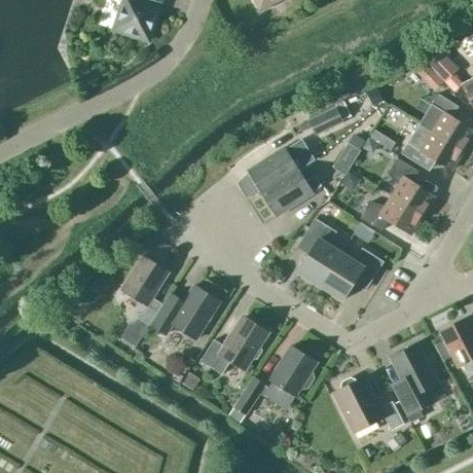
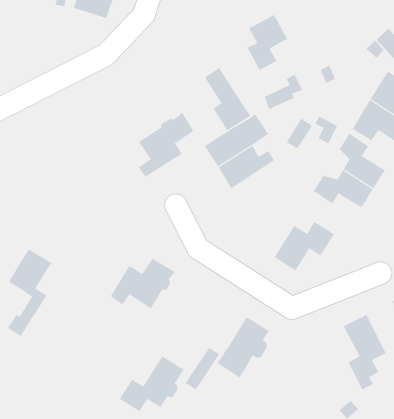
building: none -> [247,14,288,71]
building: none -> [204,67,251,131]
building: none -> [137,112,195,177]
building: [297,218,340,285] -> none
building: [120,255,168,345] -> [7,249,53,337]
building: [199,316,267,373] -> [119,356,185,412]
building: [333,376,403,432] -> none

